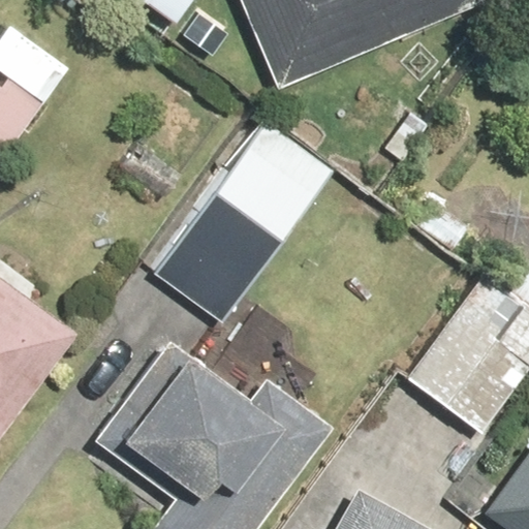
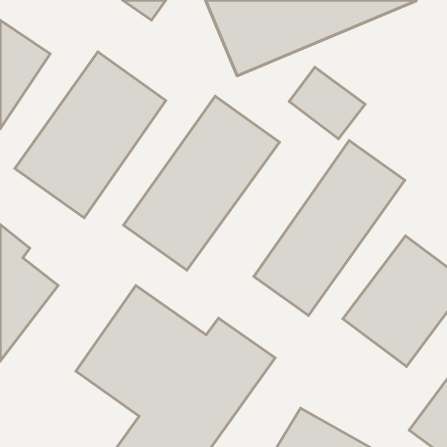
building: none -> [15,52,166,218]
building: none -> [254,141,405,316]

